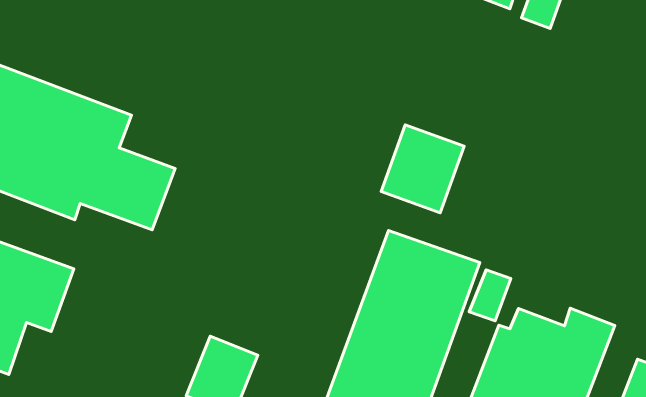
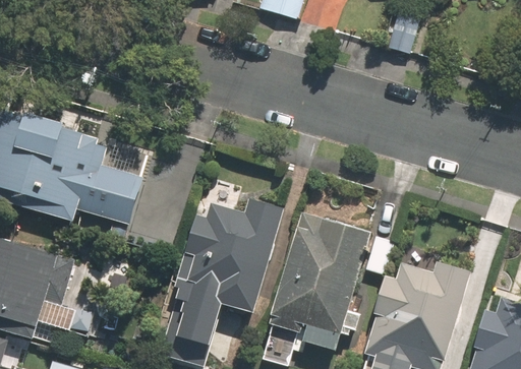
building: [381,125,464,213] -> none
building: none -> [175,195,285,310]

